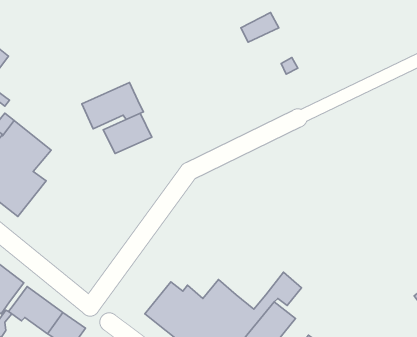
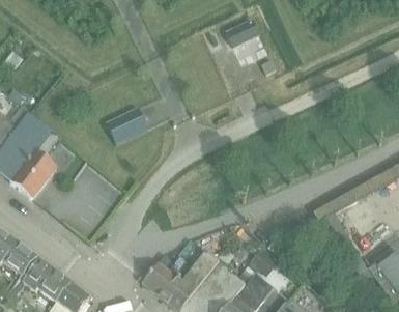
building: [82,83,143,129] -> none

